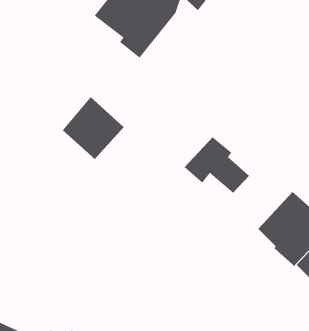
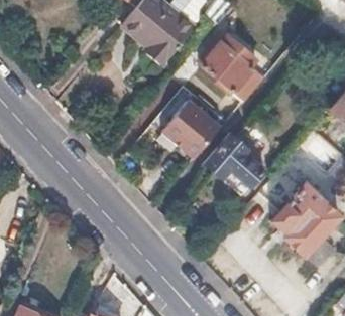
building: none -> [197,34,263,99]
building: [62,96,124,160] -> [161,97,219,155]

